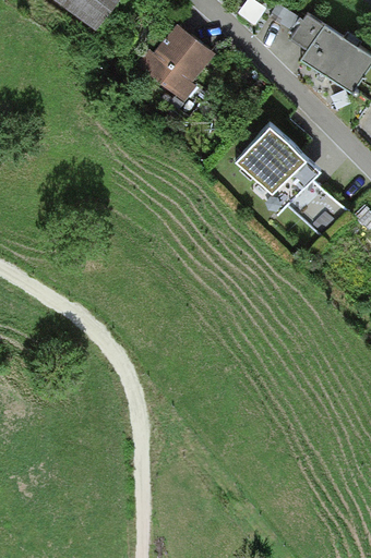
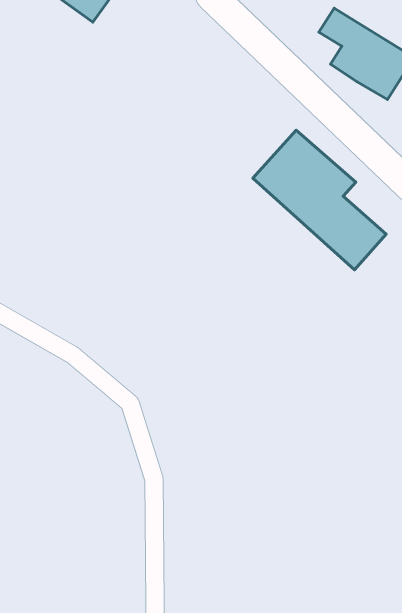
building: [139,21,215,100] -> none

